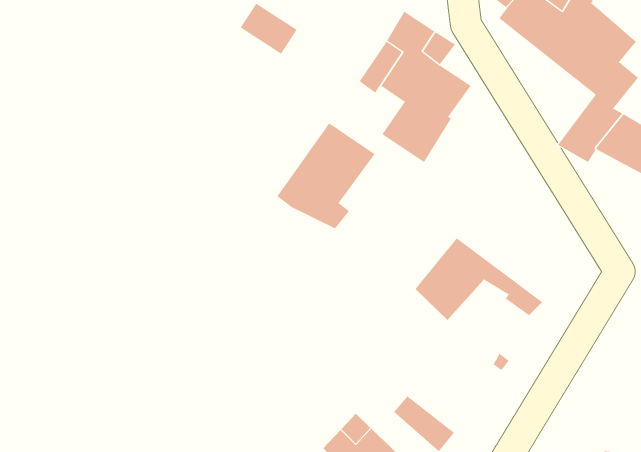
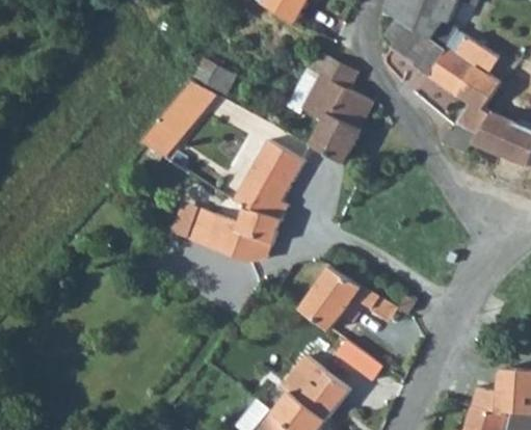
building: none -> [140,80,216,156]
building: none -> [185,207,280,267]
building: [415,238,543,321] -> [300,267,398,330]

